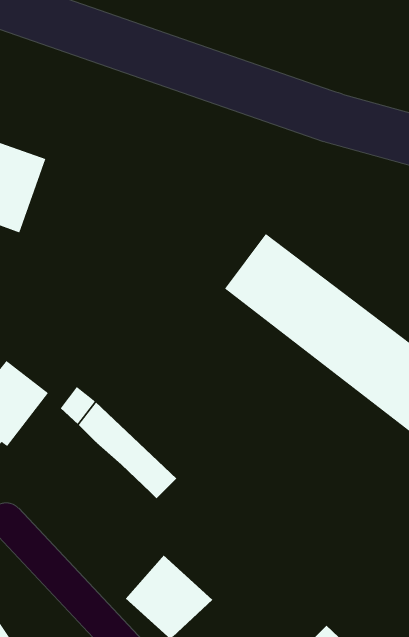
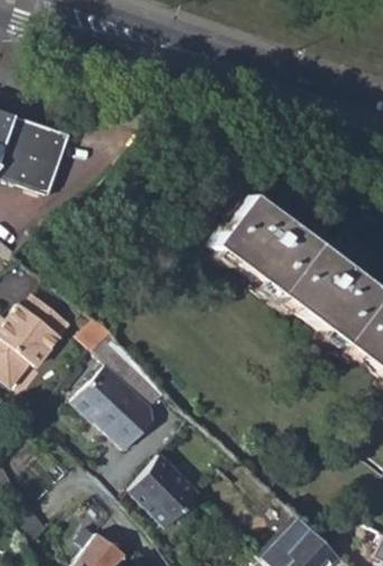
building: none -> [75,364,157,447]

